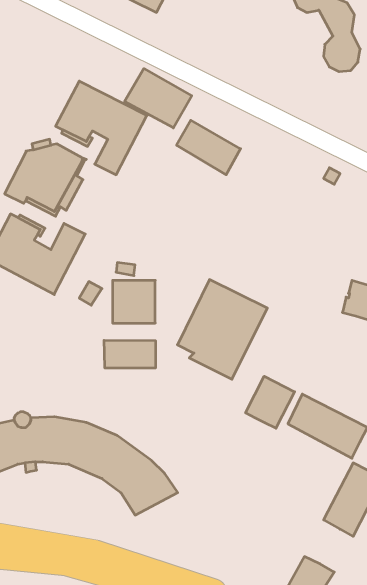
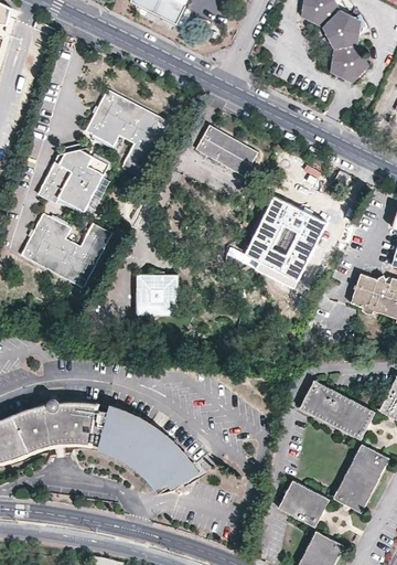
building: [125,69,192,128] -> none
building: [177,280,267,379] -> [250,195,334,288]
building: [104,340,156,368] -> none
building: [246,376,295,428] -> none
building: none -> [278,480,328,526]

